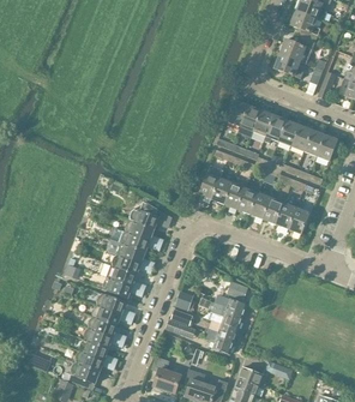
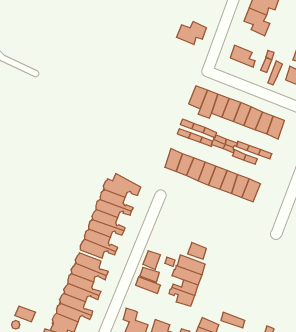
building: [279,35,314,61] -> [176,22,207,45]

